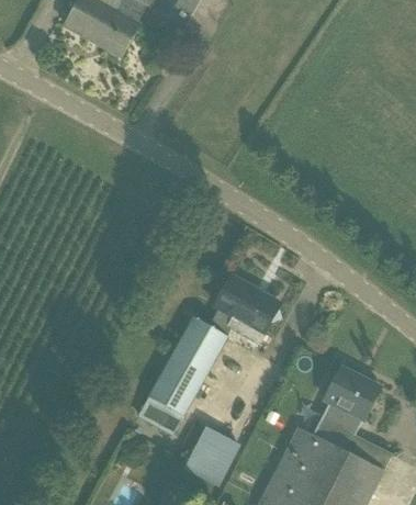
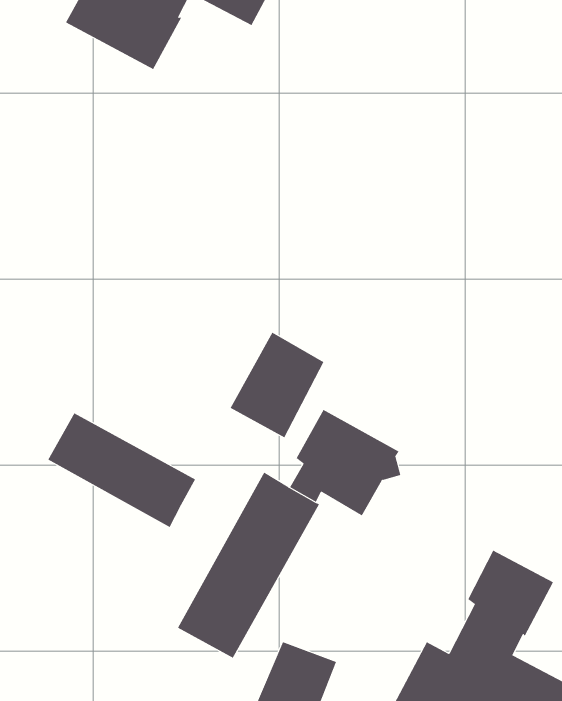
building: none -> [230,332,324,438]
building: none -> [48,413,196,528]

